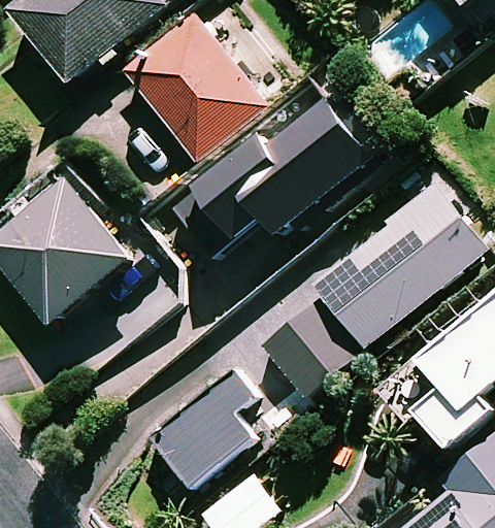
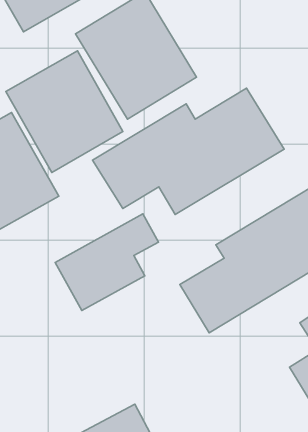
building: none -> [6,51,123,173]
building: [151,369,261,486] -> [55,214,158,311]

